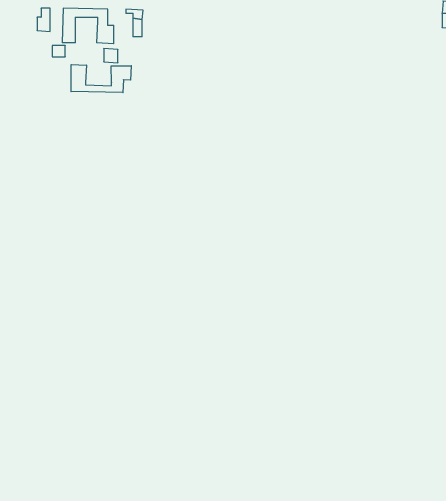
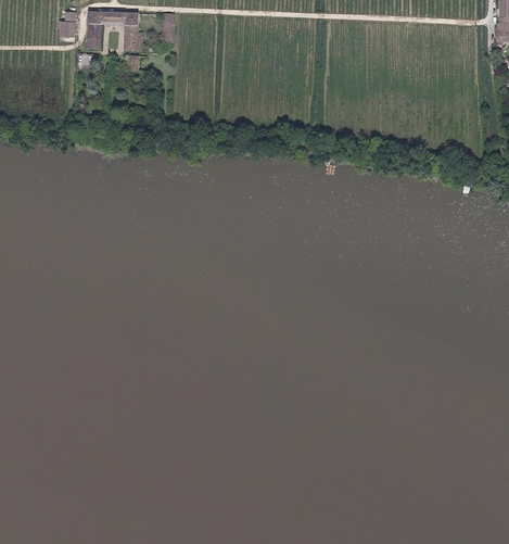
building: [71,65,131,93] -> none

